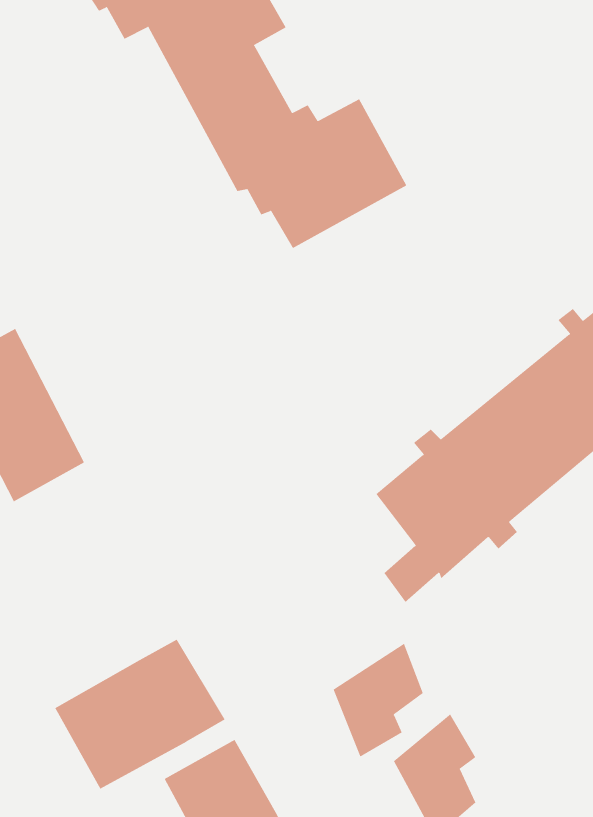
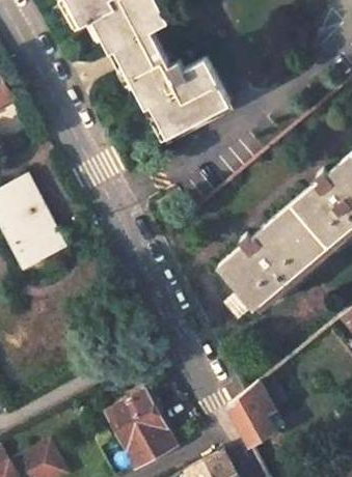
building: [55,639,225,789] -> none
building: [333,643,423,758] -> none

